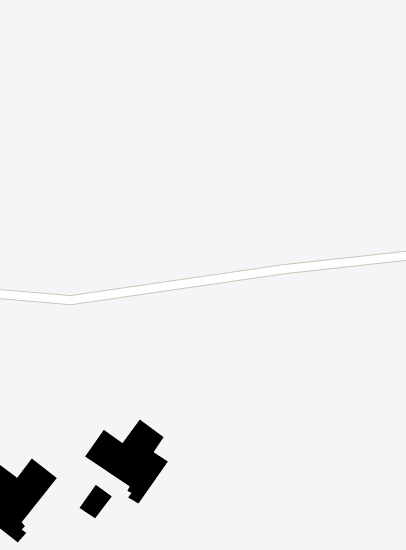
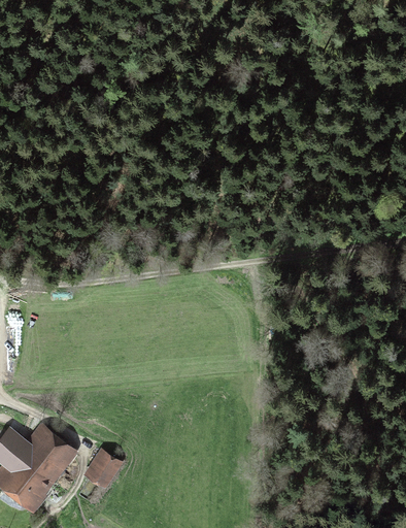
building: [84,419,169,505] -> none

